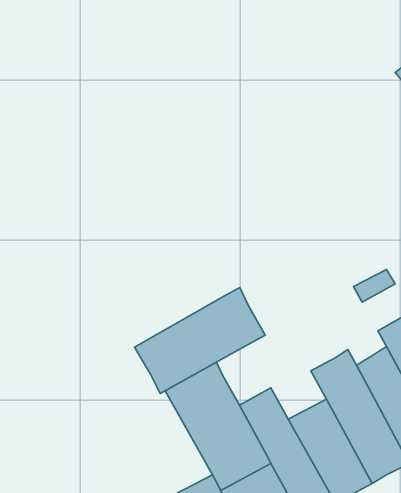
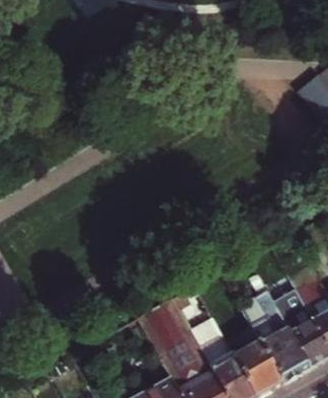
building: [134,288,265,394] -> none

